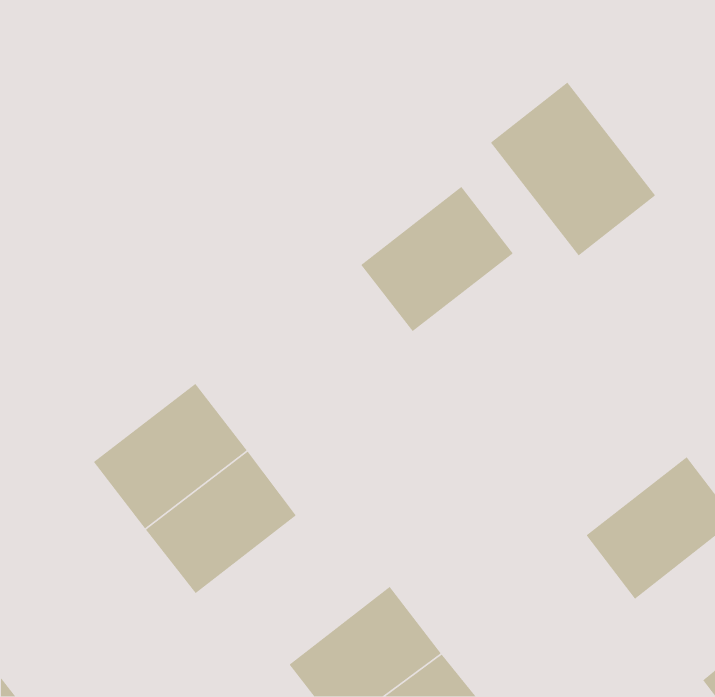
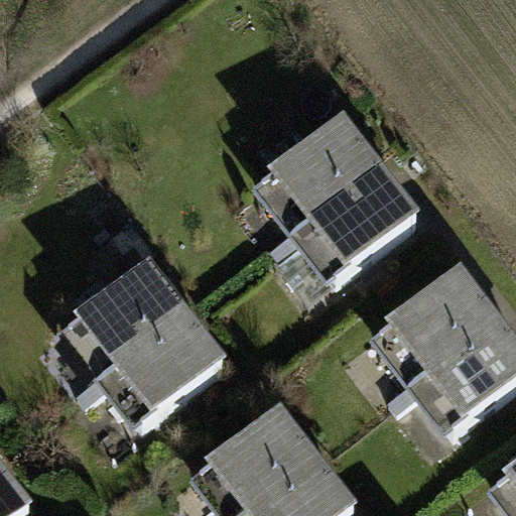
building: [490,81,656,257] -> none
building: none -> [298,181,407,284]
building: none -> [385,278,495,383]

